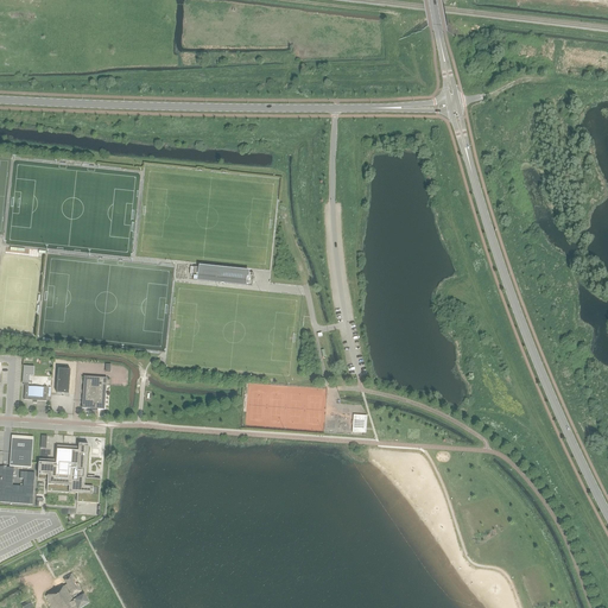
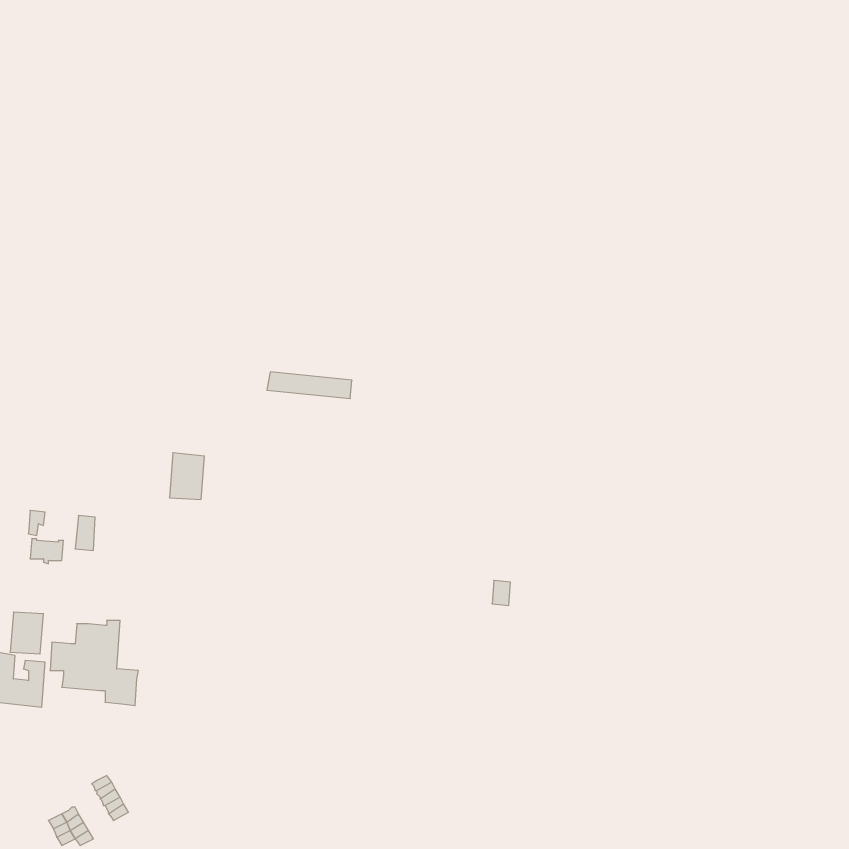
building: [80,374,104,407] -> [169,453,204,499]

